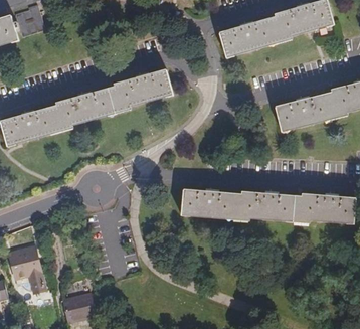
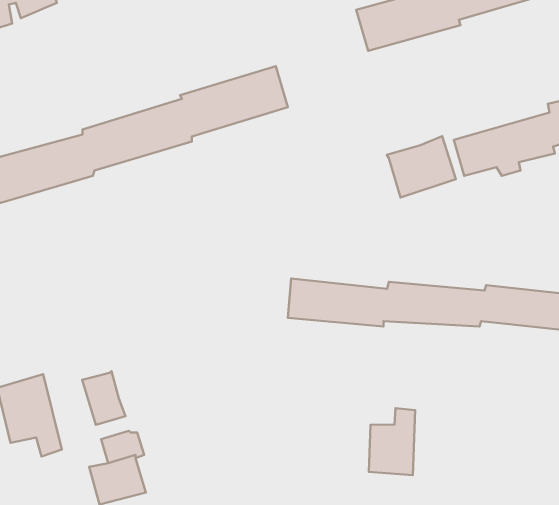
building: none -> [387,136,456,198]
building: none -> [82,371,125,425]
building: none -> [369,408,415,475]

